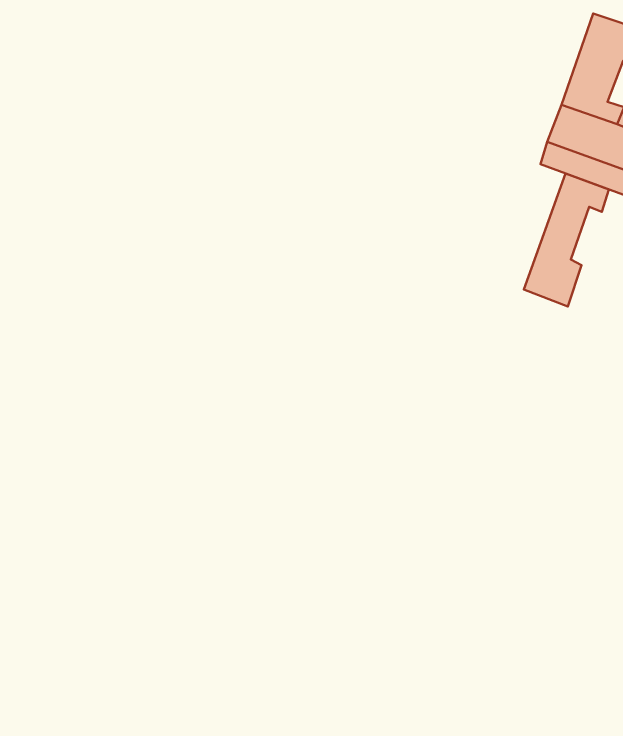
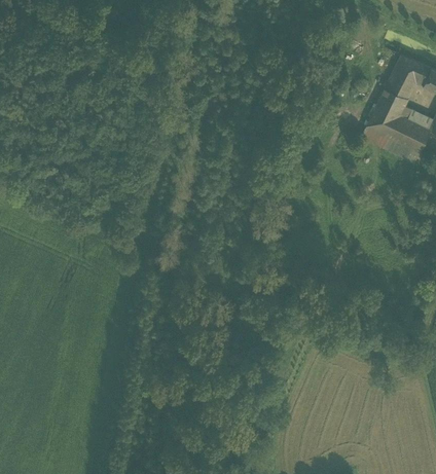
building: [524,174,609,307] -> none

